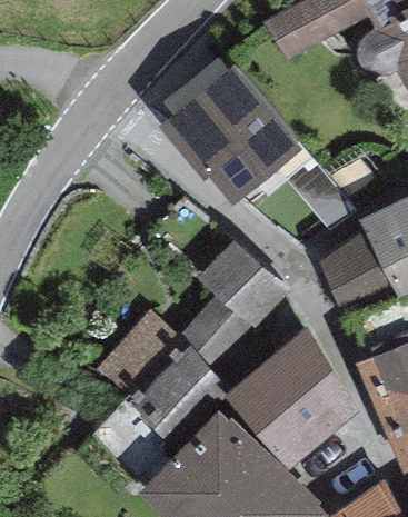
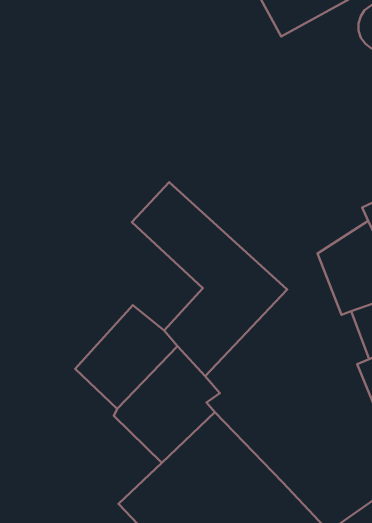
building: [158,64,305,209] -> none
building: [217,327,359,473] -> none

